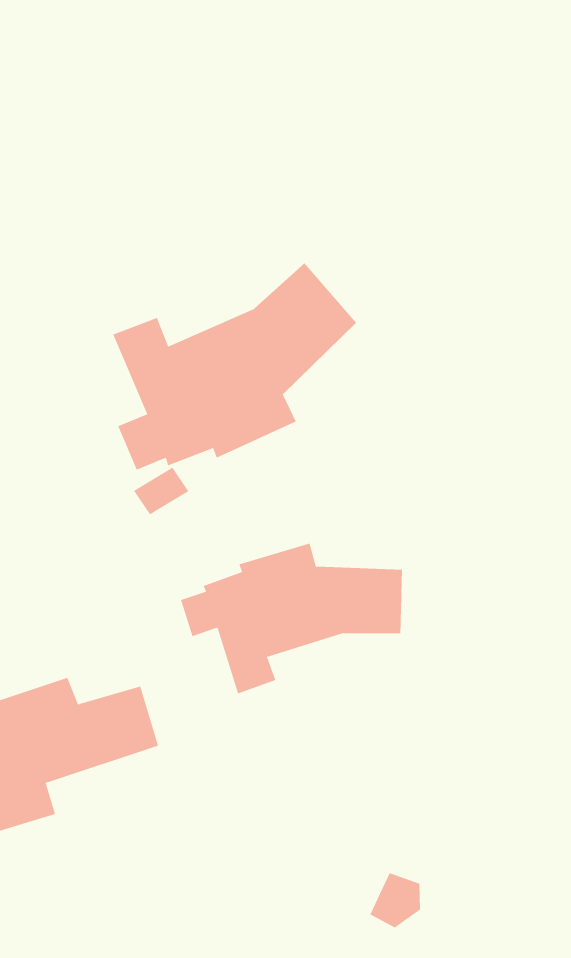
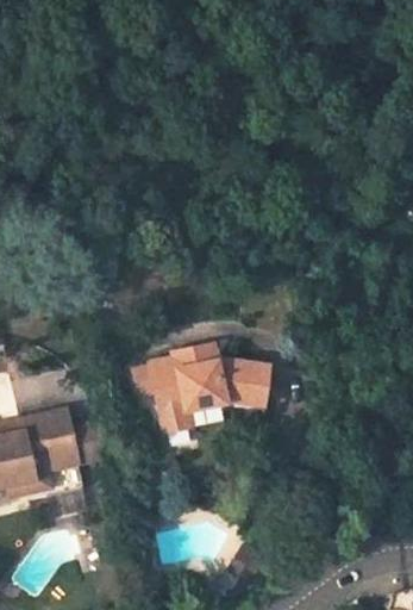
building: [112,262,357,470] -> none

